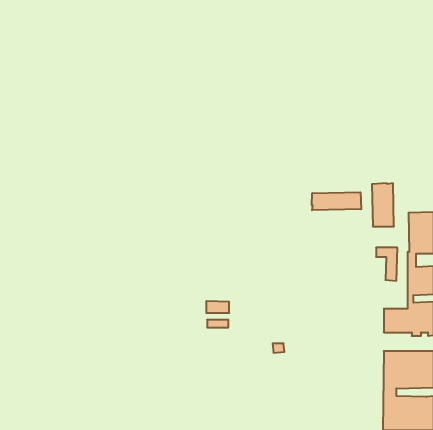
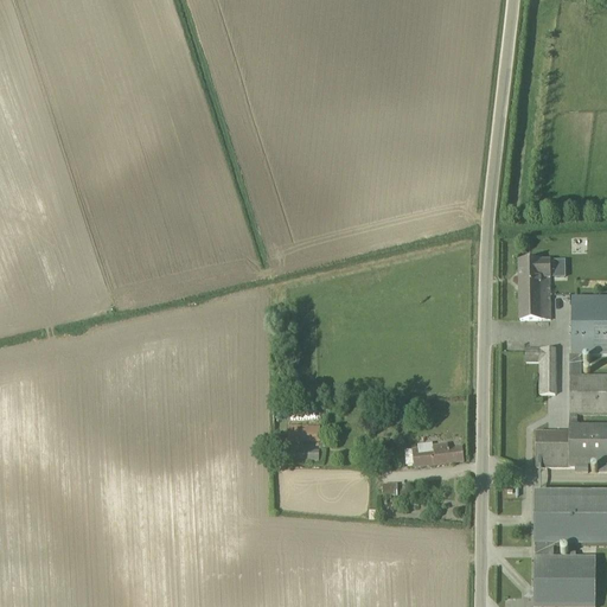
building: [312,192,361,210] -> none
building: none -> [405,440,465,464]

